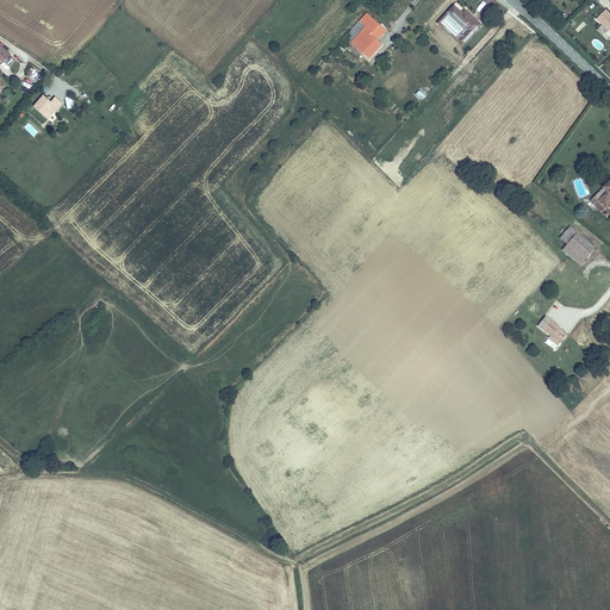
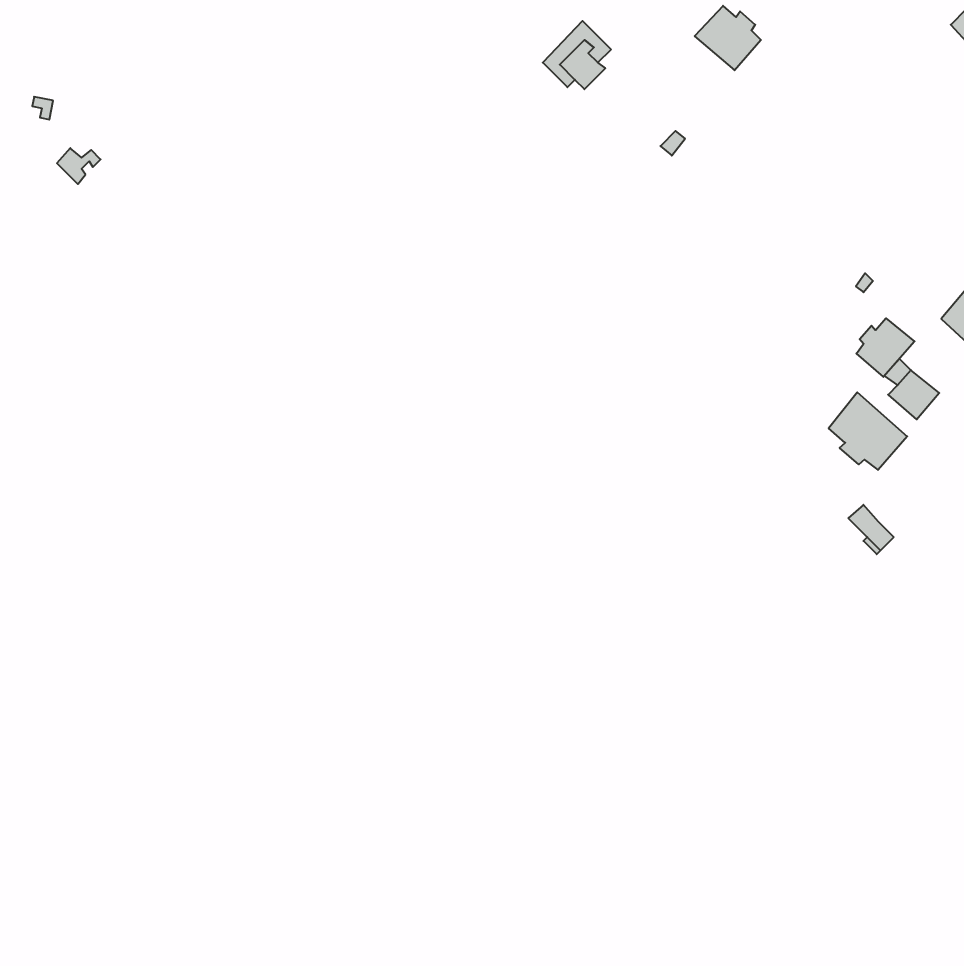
building: none -> [856,318,915,377]
building: none -> [829,392,907,470]

